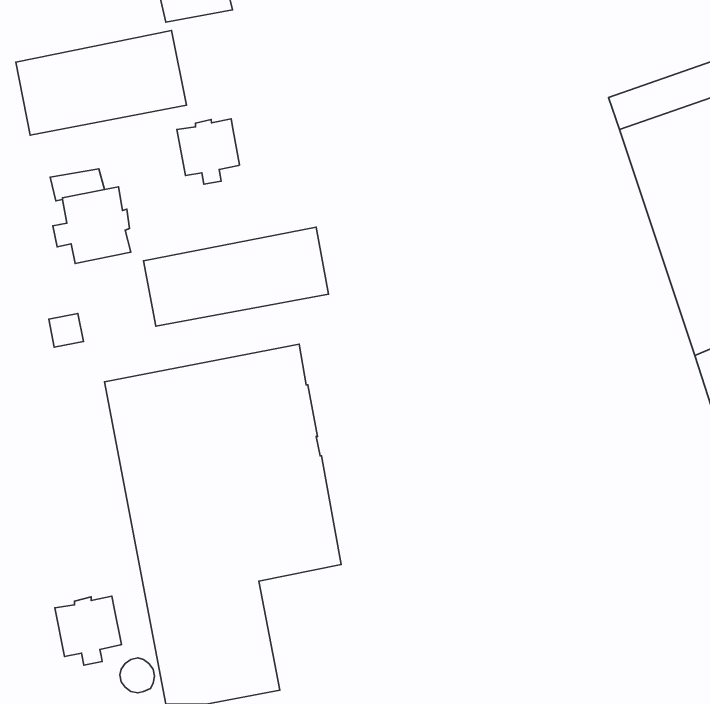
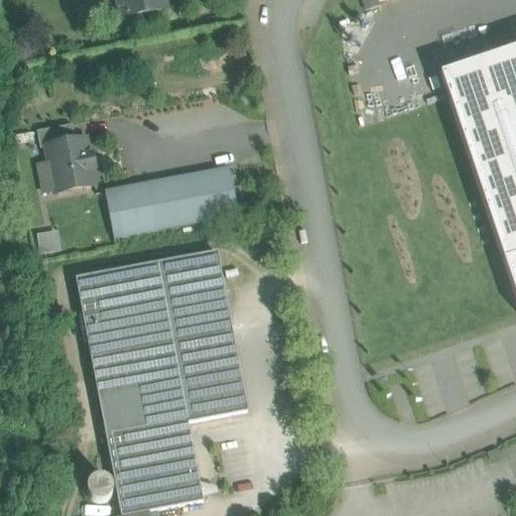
building: [16,30,186,135] -> none
building: [177,119,240,184] -> none
building: [55,596,122,665] -> none

